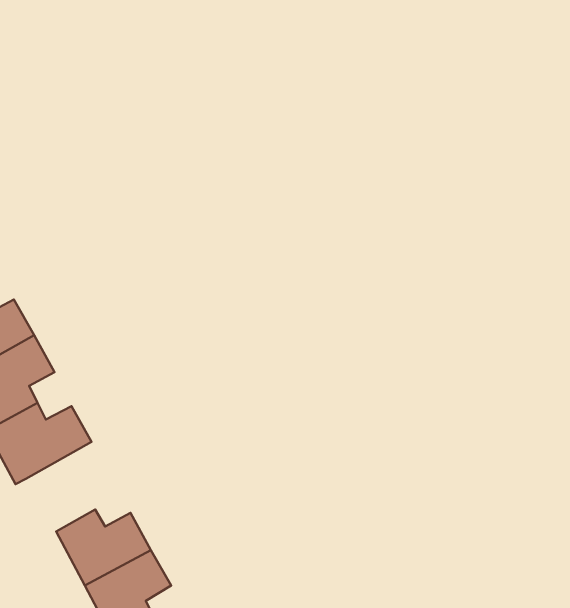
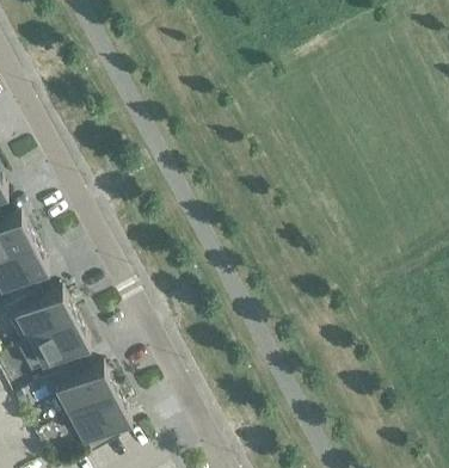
building: none -> [17,319,90,382]

